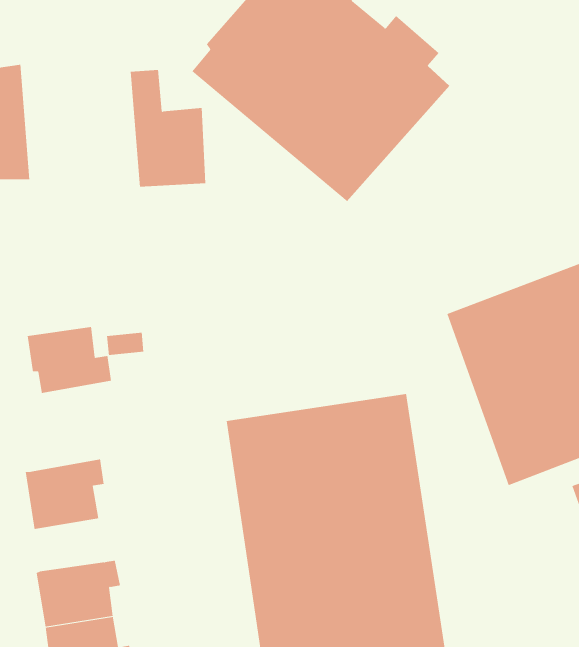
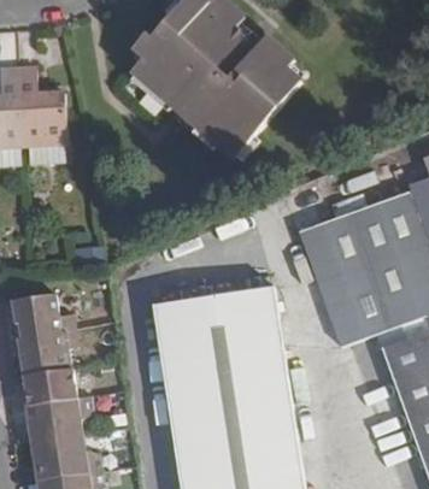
building: [130,70,206,187] -> [17,66,67,145]
building: [27,327,112,394] -> [13,294,70,338]
building: none -> [25,370,72,405]

